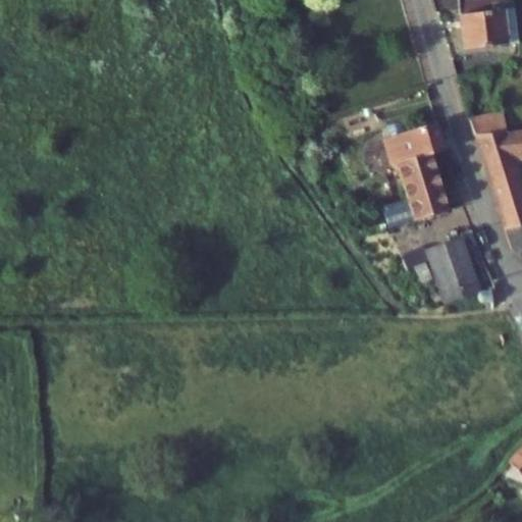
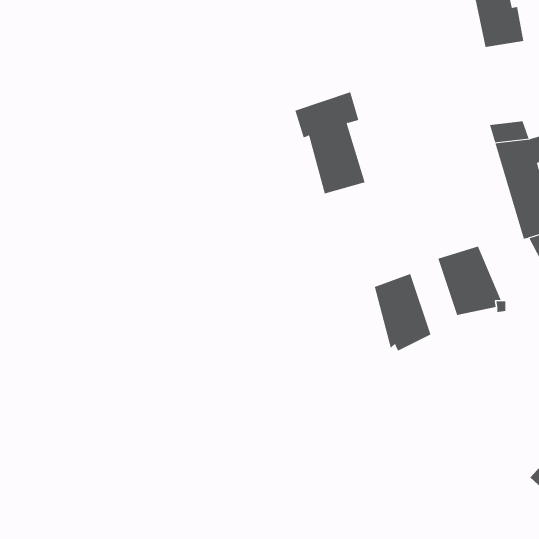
building: [383,122,452,221] -> [295,92,366,194]
building: none -> [374,273,431,351]

